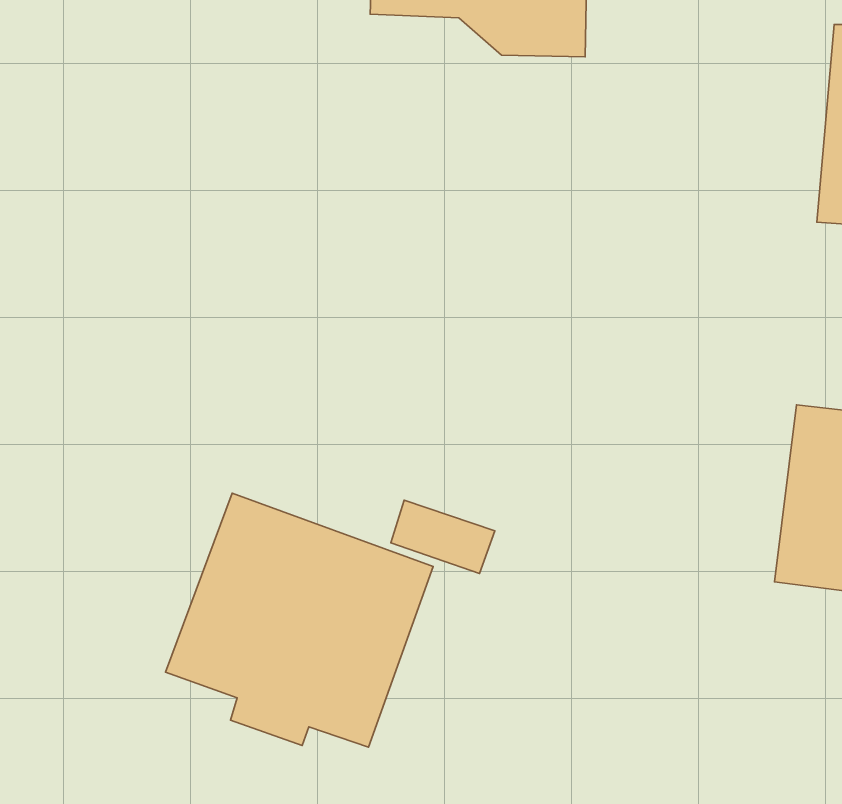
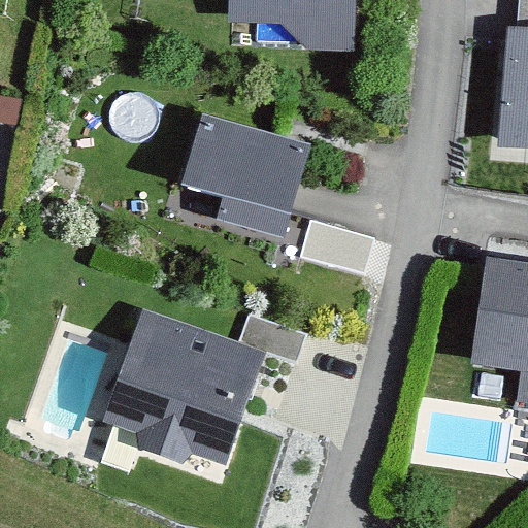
building: none -> [182,116,309,236]

